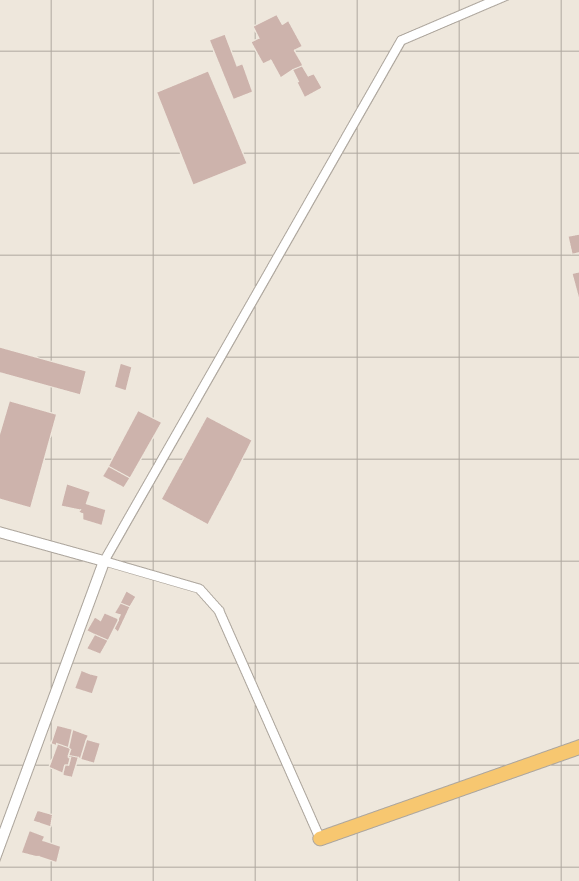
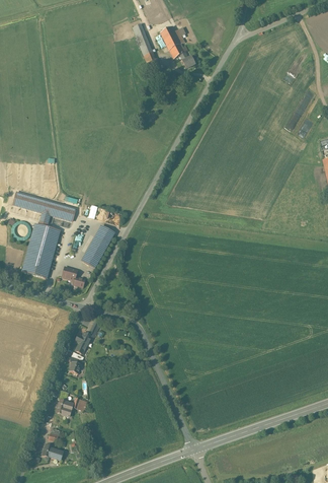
building: [156,71,247,185] -> none
building: [161,416,252,525] -> none

